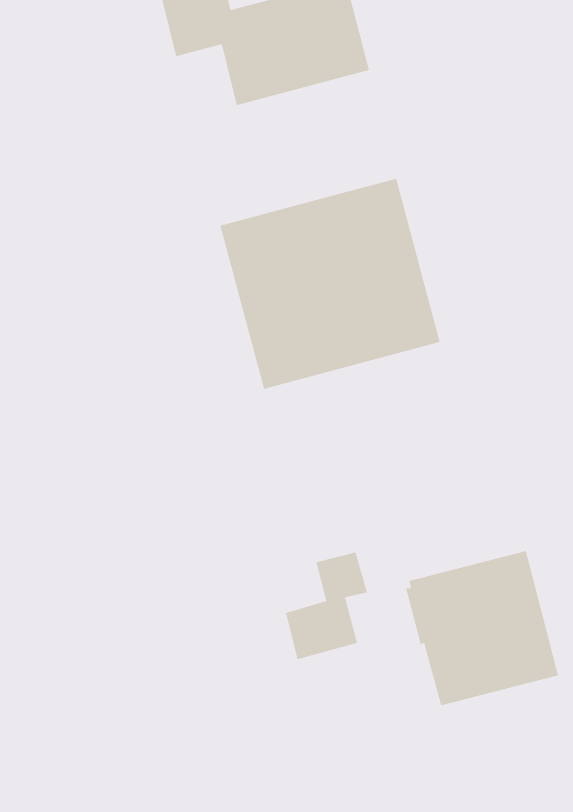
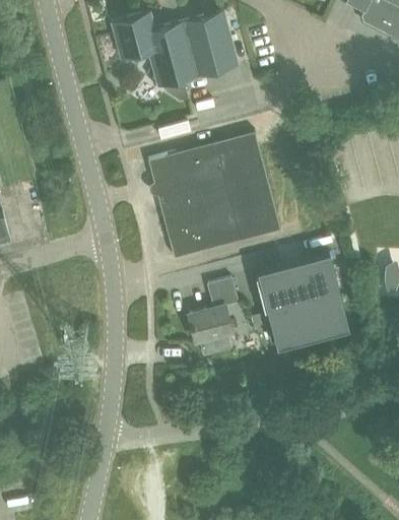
building: [405,551,559,706] -> [259,255,351,348]
building: [285,552,368,660] -> [189,278,239,343]

